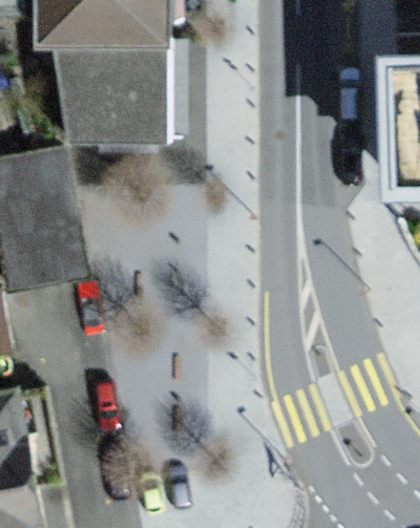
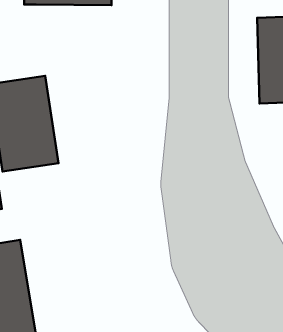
building: [56,45,166,143] -> none

